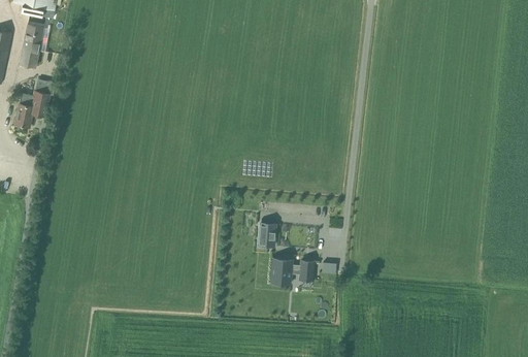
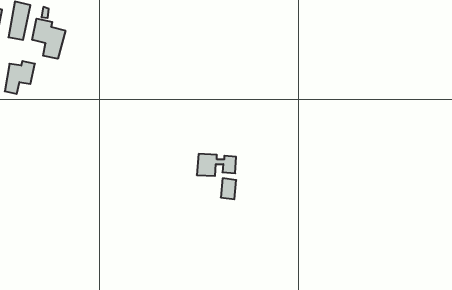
building: none -> [32,19,65,59]
building: [269,260,314,285] -> [197,154,236,176]

